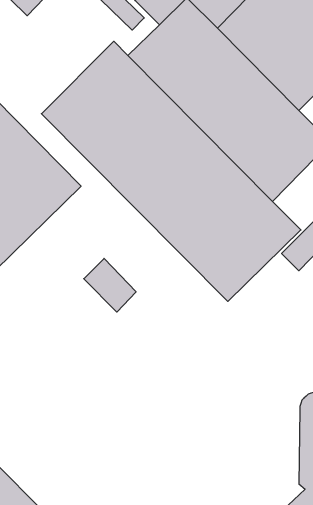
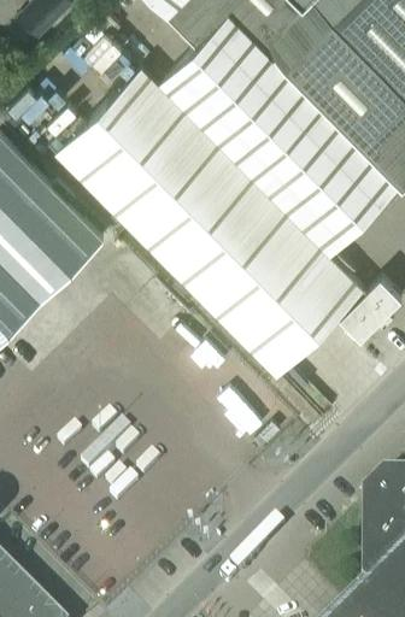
building: [84,258,136,312] -> none

